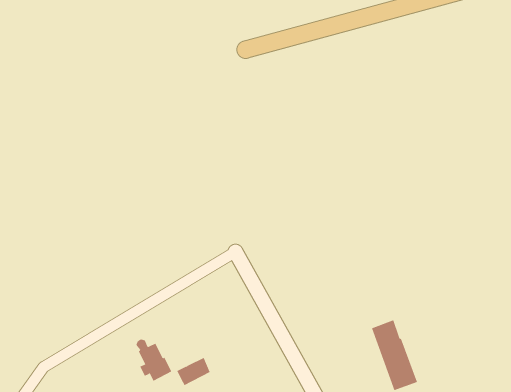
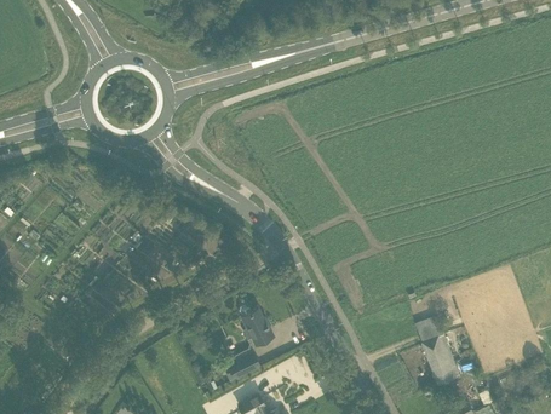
building: [136,339,172,382] -> [239,304,274,345]

